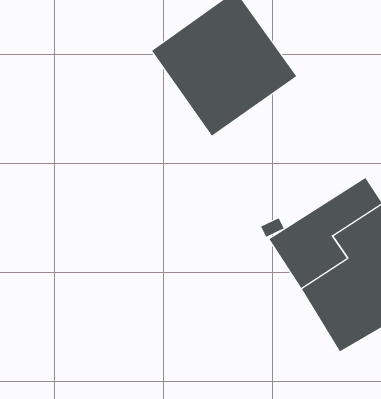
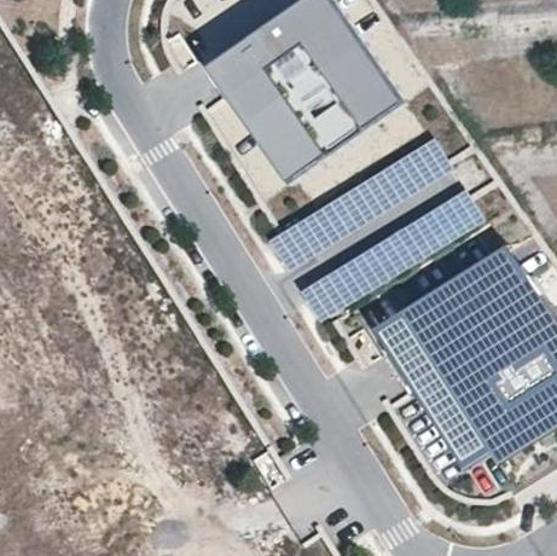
building: none -> [266,138,452,273]
building: none -> [297,190,483,325]

